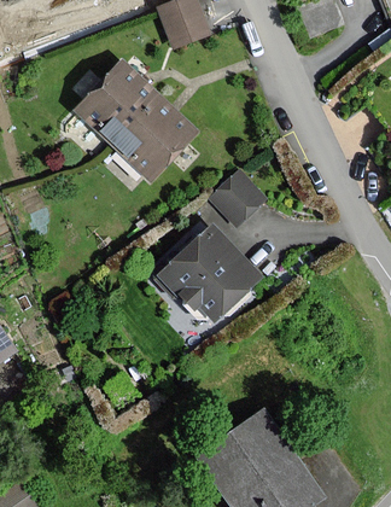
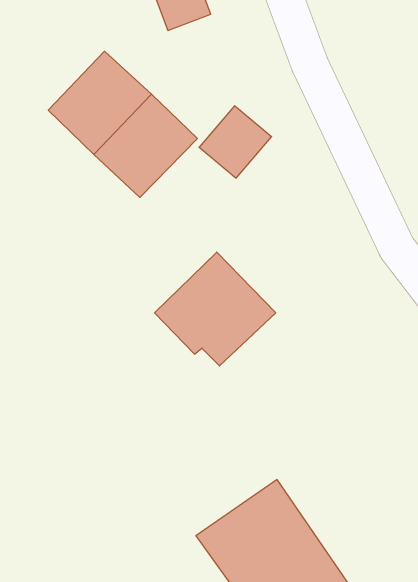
building: [208,168,267,227] -> [199,106,272,178]

